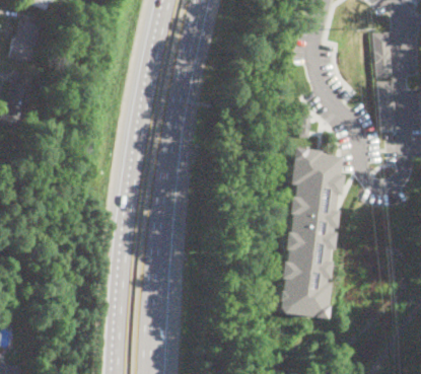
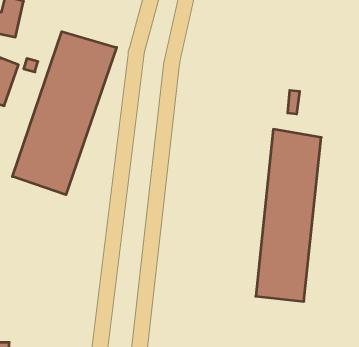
building: none -> [12,32,117,195]

